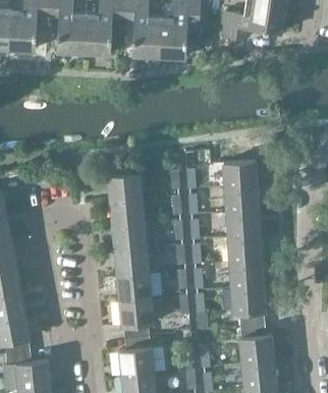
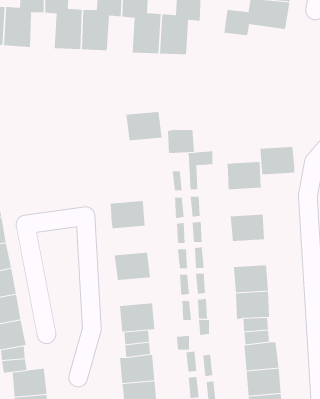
building: none -> [168,129,194,154]
building: [107,172,143,201] -> [126,111,162,141]
building: [224,185,259,213] -> [259,146,295,175]
building: [112,222,147,250] -> none
building: [228,235,262,262] -> none
building: [117,272,152,299] -> none

